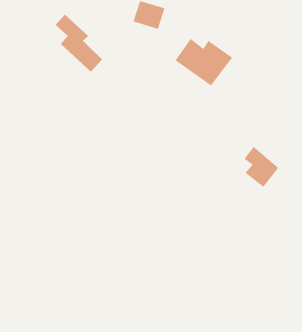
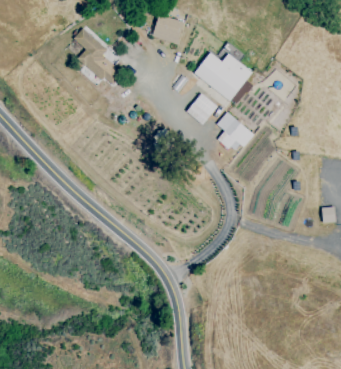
building: none -> [186,93,217,124]
building: [243,146,279,188] -> [216,111,252,153]

